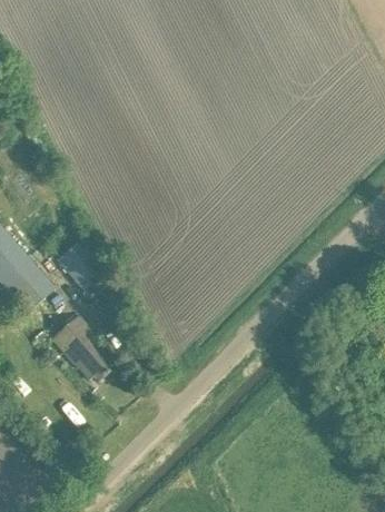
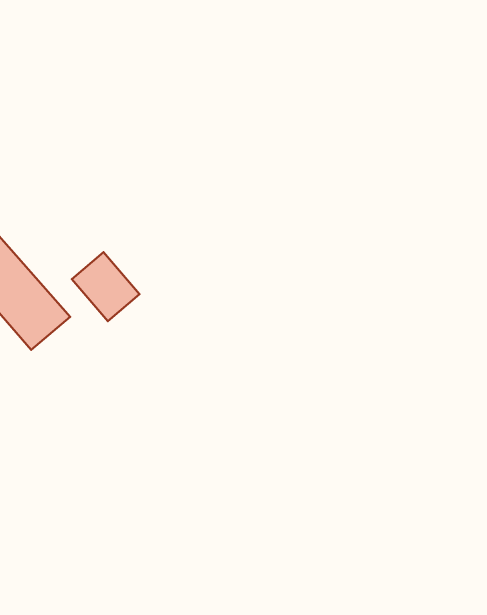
building: [51,314,112,380] -> none

